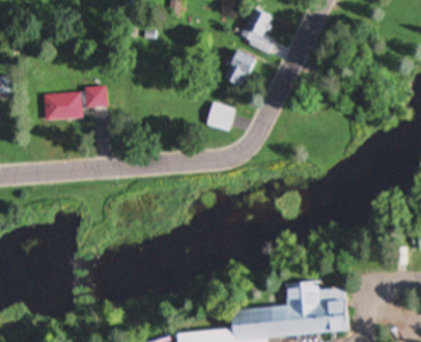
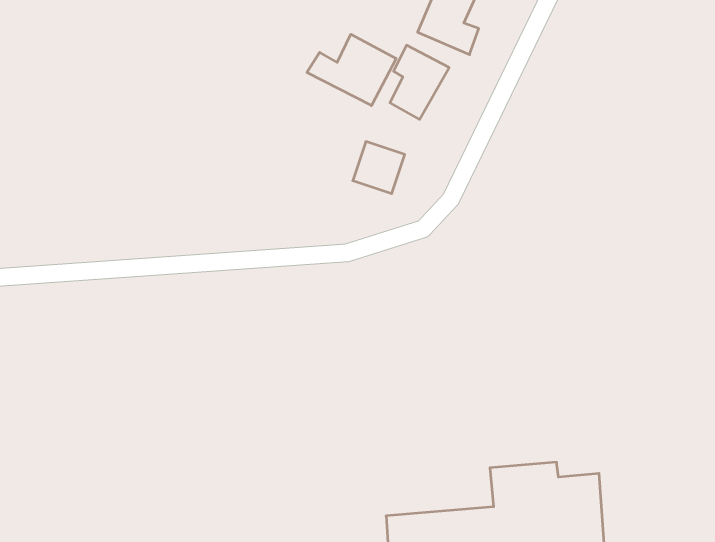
building: none -> [307,34,396,106]
building: [44,86,108,119] -> none

